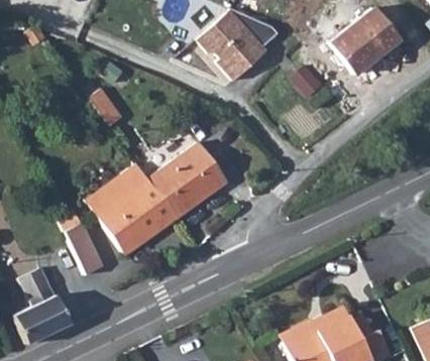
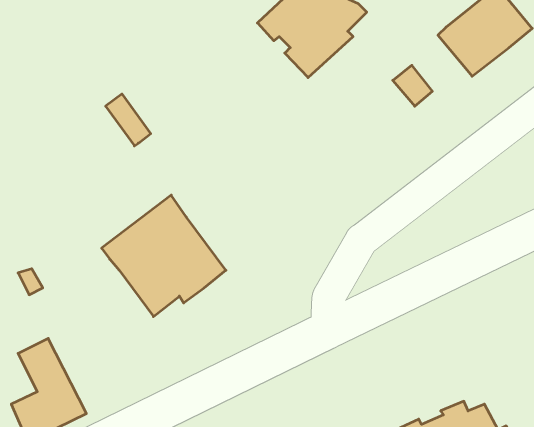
building: [144,140,221,219] -> none
building: [65,226,104,279] -> none

